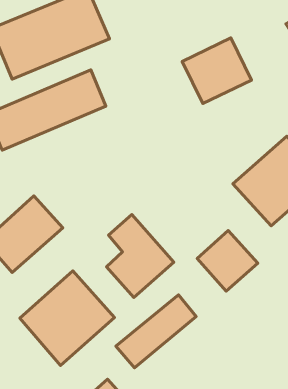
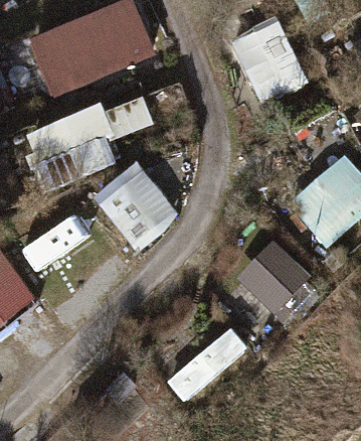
building: [107,214,174,298] -> [106,160,178,250]
building: [20,271,115,366] -> none

